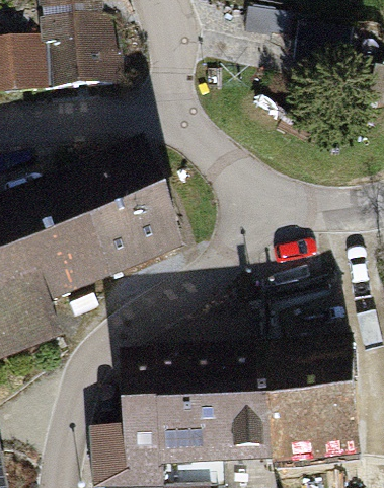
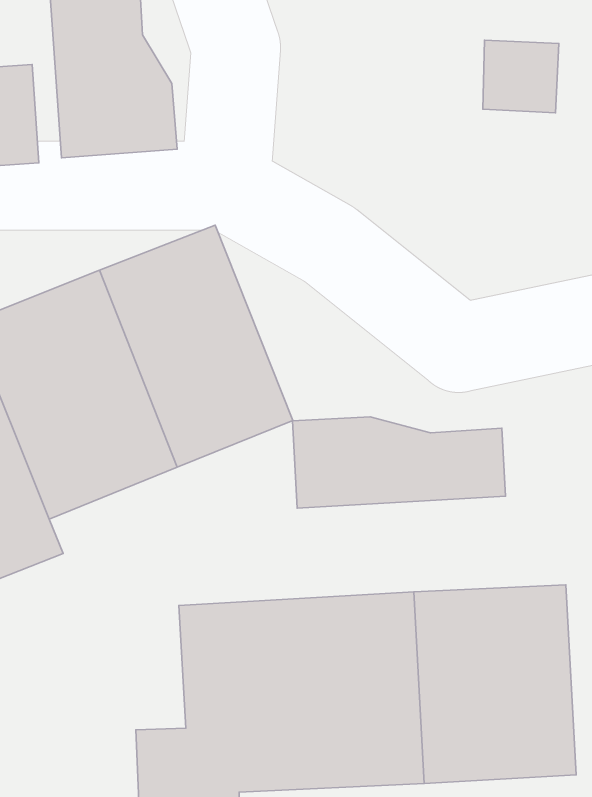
building: none -> [292,417,505,508]

